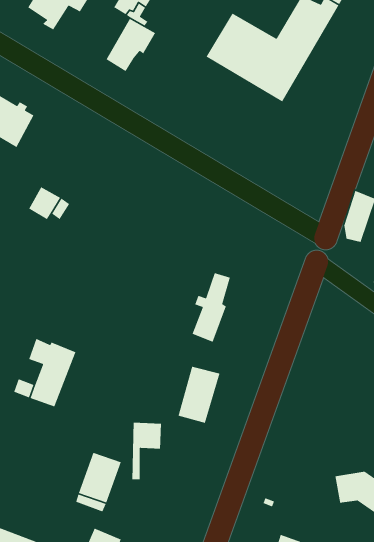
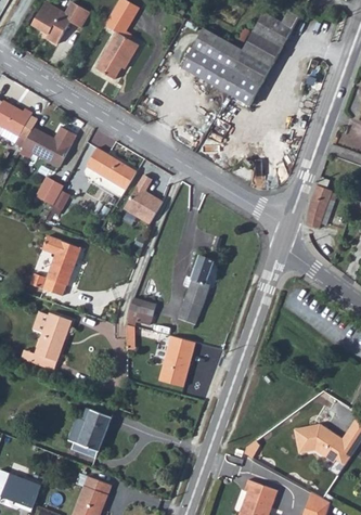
building: none -> [18,126,77,170]
building: none -> [87,149,136,189]
building: none -> [123,176,162,224]
building: none -> [40,233,80,295]
building: [132,422,162,480] -> [126,298,152,348]

